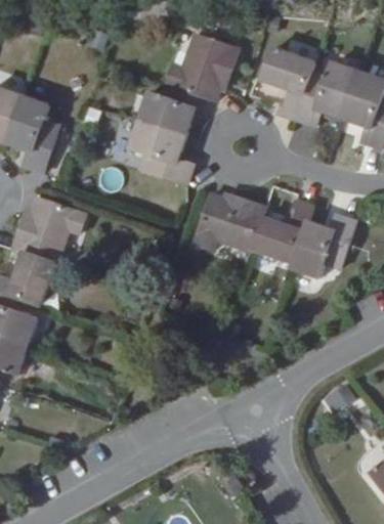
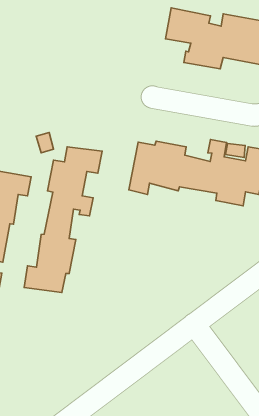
building: [129,31,240,185] -> none
building: none -> [24,147,102,293]

